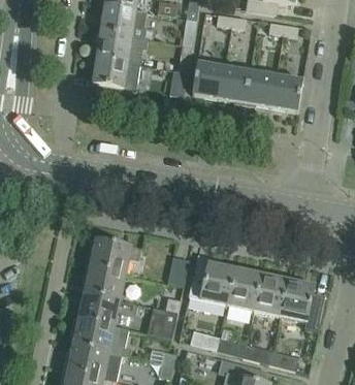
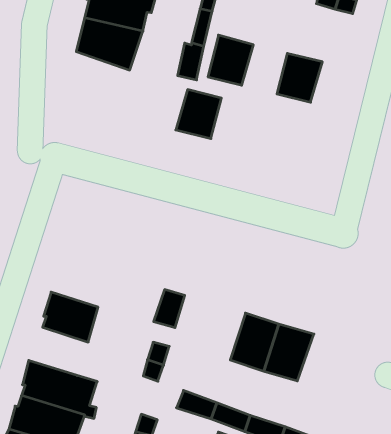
building: [218,66,250,101] -> [176,90,221,139]
building: [270,74,302,110] -> none
building: [89,238,141,272] -> none
building: [189,262,235,303] -> none
building: [279,279,315,321] -> none
building: [76,291,120,325] -> none

